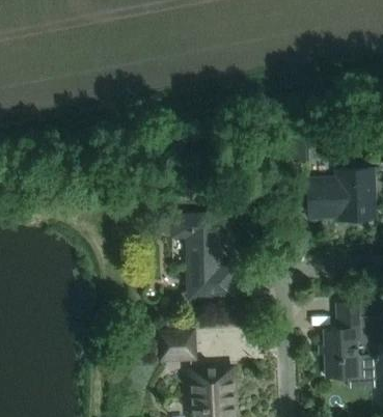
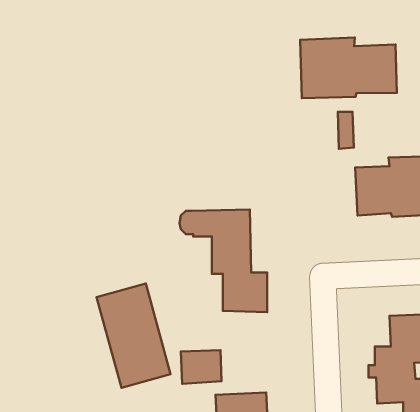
building: none -> [300,37,397,98]
building: none -> [96,283,171,388]

